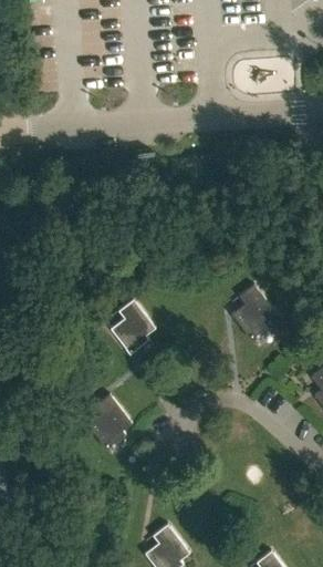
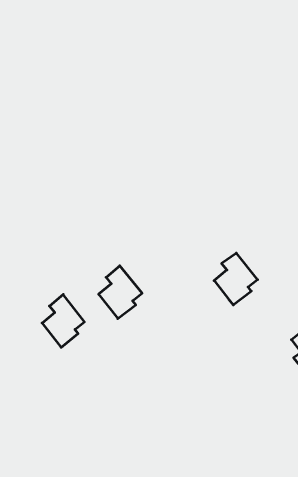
building: [87,394,132,450] -> [42,294,84,347]

